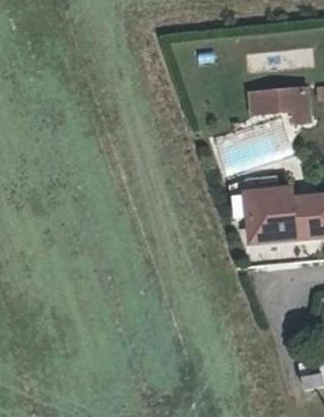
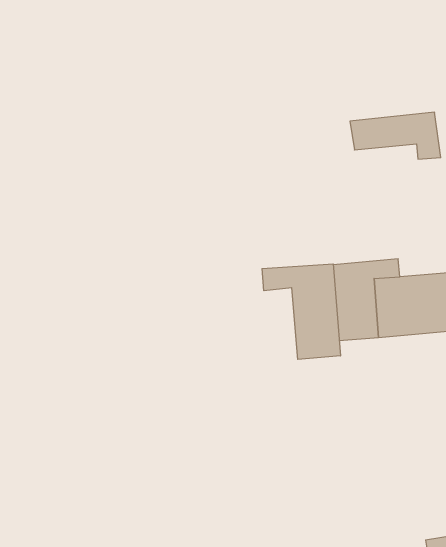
building: none -> [262,264,340,359]

